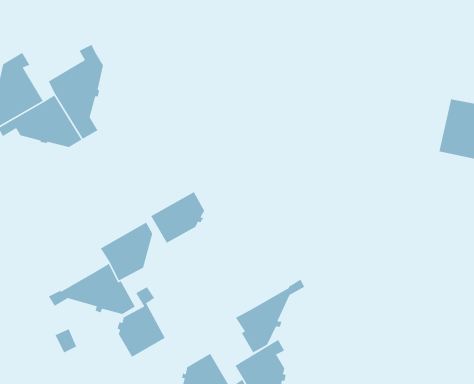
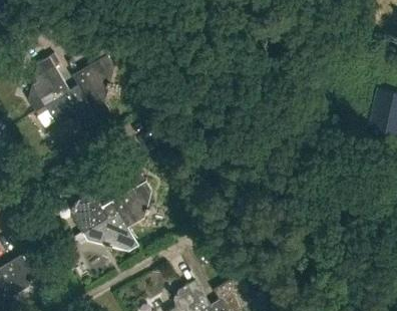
building: [150,183,209,244] -> none
building: [235,278,305,353] -> none
building: [116,286,166,358] -> [72,179,109,233]

